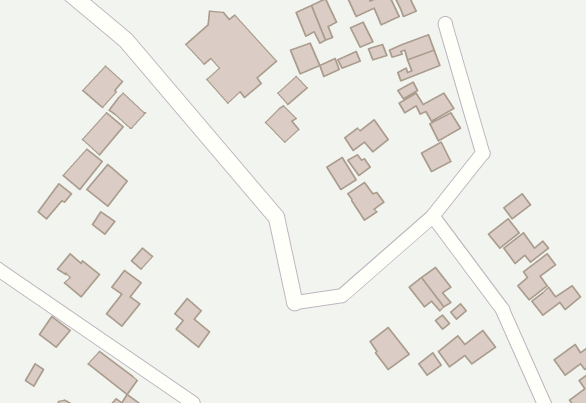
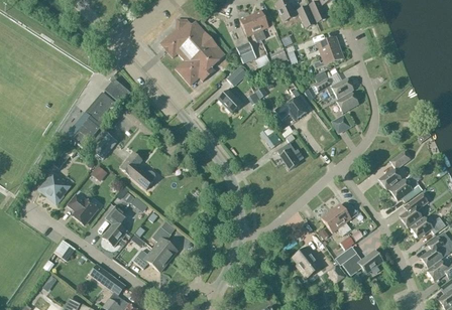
building: [83,66,122,108] -> none
building: none -> [120,152,155,189]
building: none -> [39,173,68,203]
building: none -> [420,237,444,267]
building: none -> [133,248,168,271]

